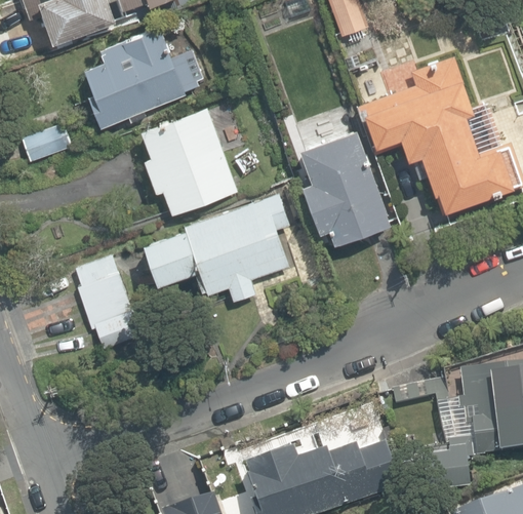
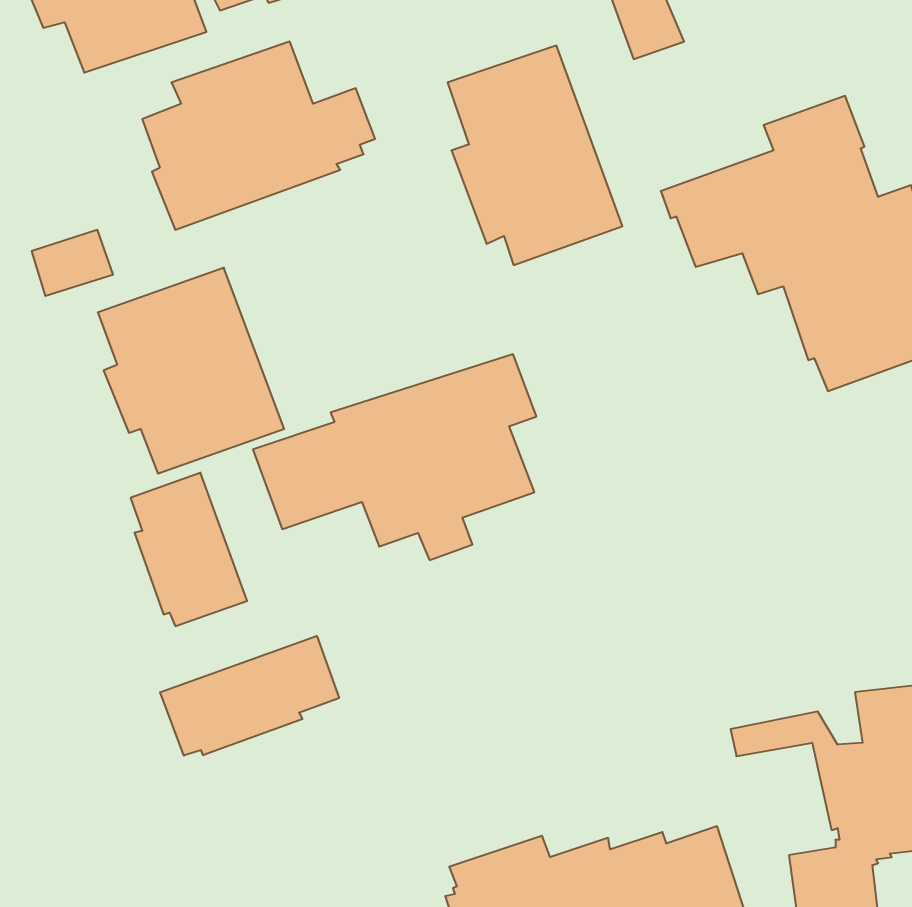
building: [139,107,238,215] -> [98,268,284,474]
building: [297,129,390,245] -> [448,46,622,265]
building: none -> [160,636,339,756]

